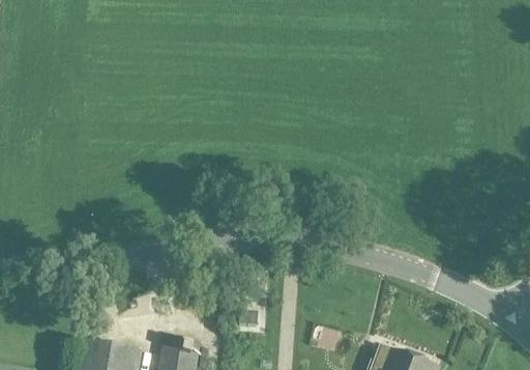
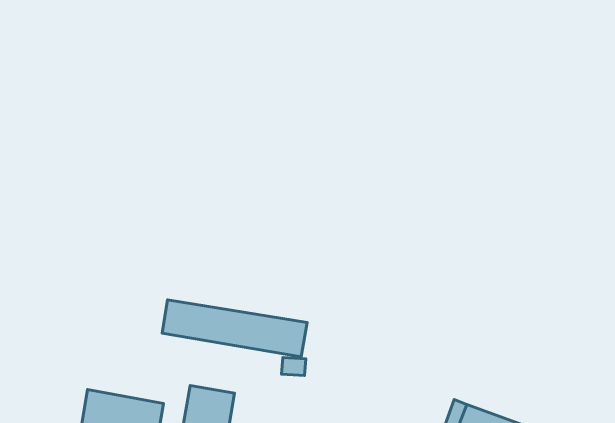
building: none -> [162,300,307,357]

